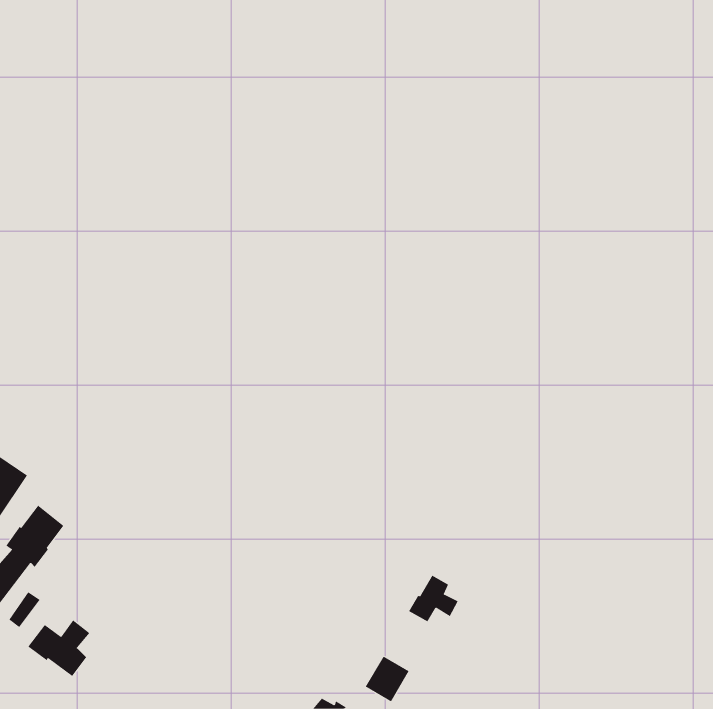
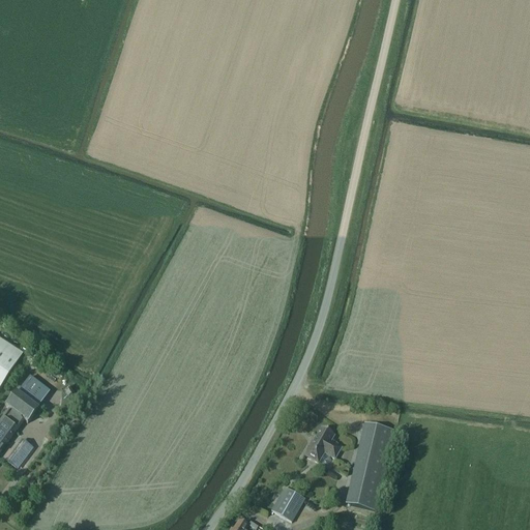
building: none -> [348,422,393,509]
building: [28,619,90,677] -> none

